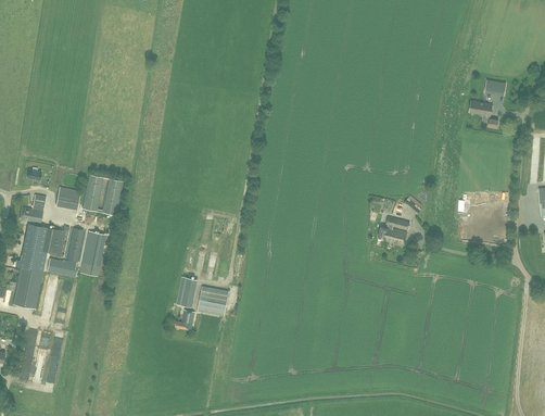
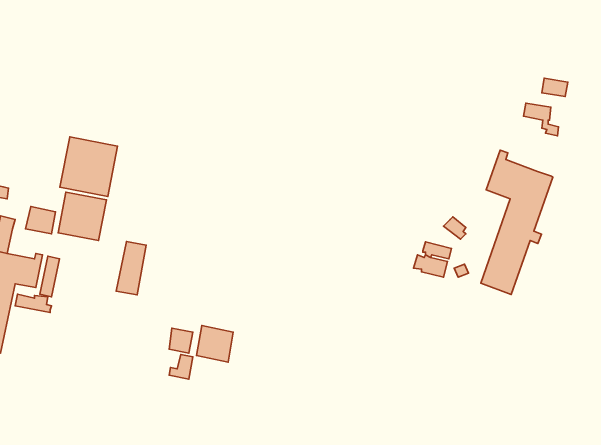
building: none -> [60,137,118,197]
building: none -> [481,150,553,295]
building: [80,230,105,275] -> [116,241,146,295]

